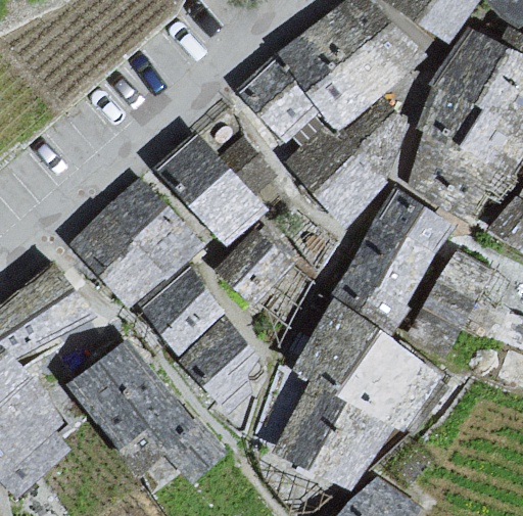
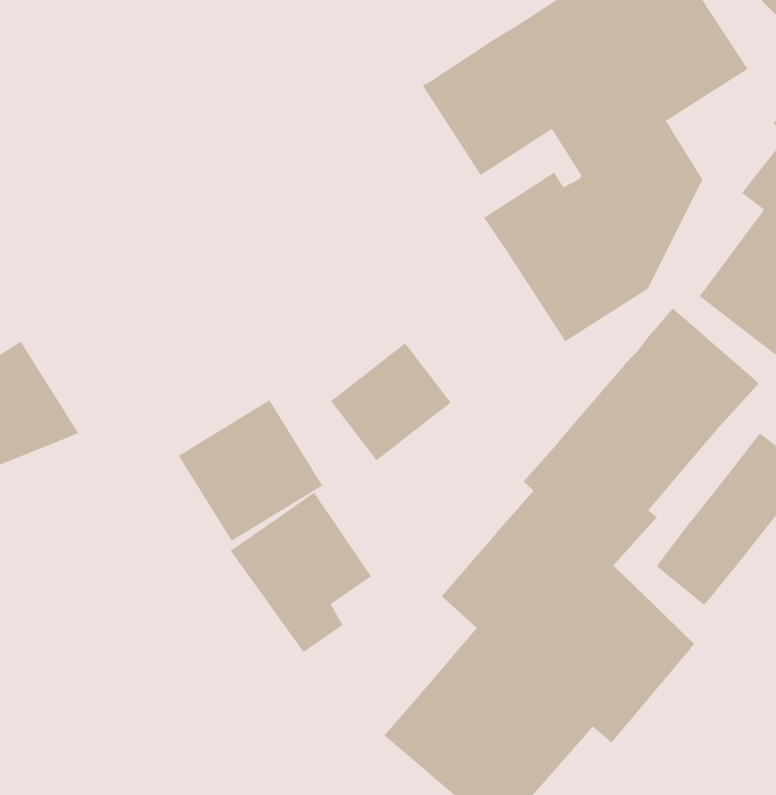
building: [159,134,274,241] -> none
building: [72,181,195,303] -> none
building: [72,340,223,482] -> none

